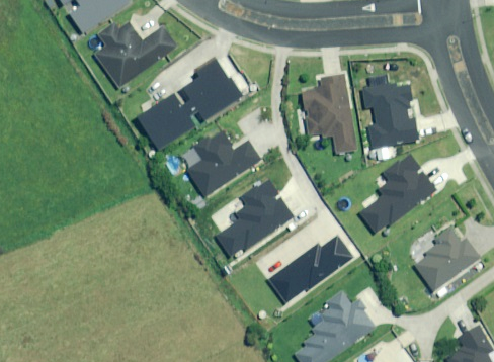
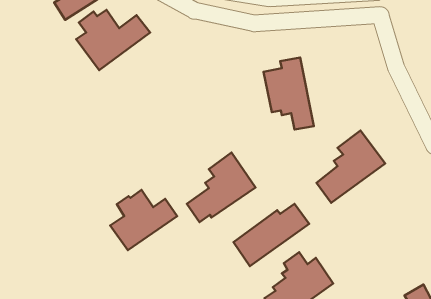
building: [137,60,242,152] -> none
building: [363,82,417,149] -> none
building: [186,130,260,197] -> [110,190,177,250]
building: [415,225,480,291] -> none

